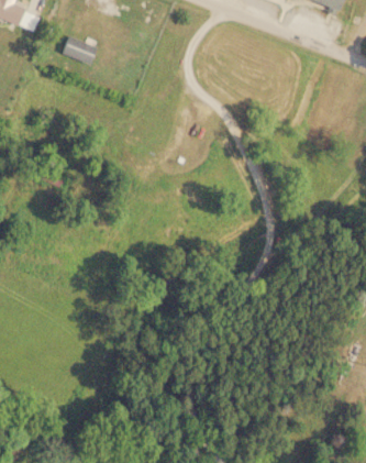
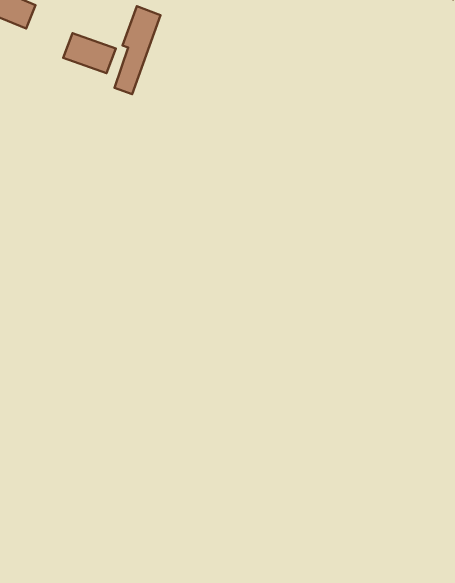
building: none -> [114,6,160,94]

